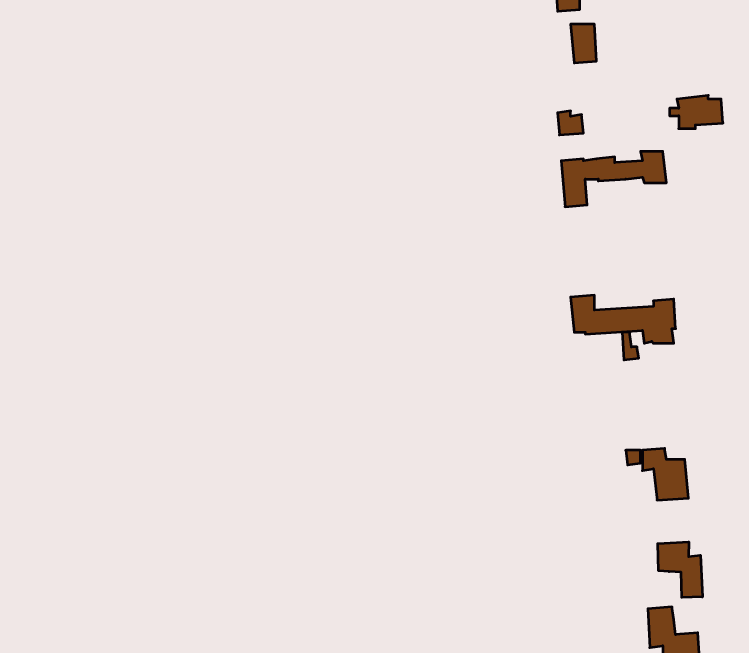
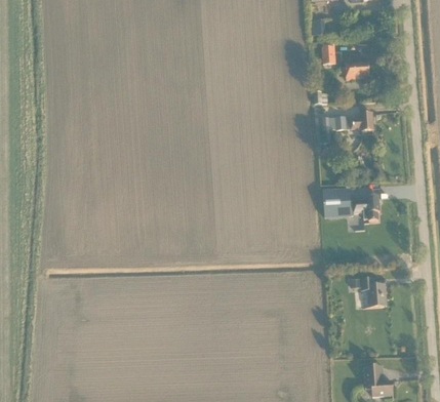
building: [670,95,723,129] -> [339,61,369,79]
building: [658,542,702,597] -> none

